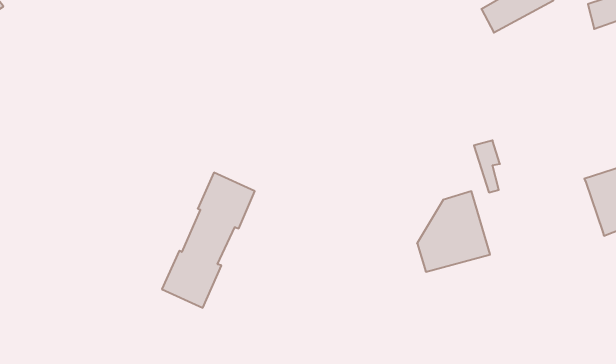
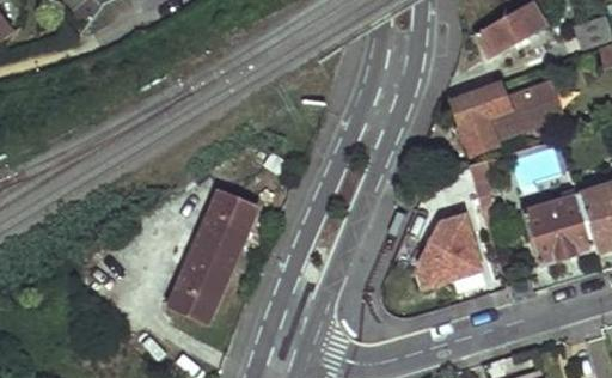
building: none -> [452,85,558,154]
building: none -> [521,199,592,264]

